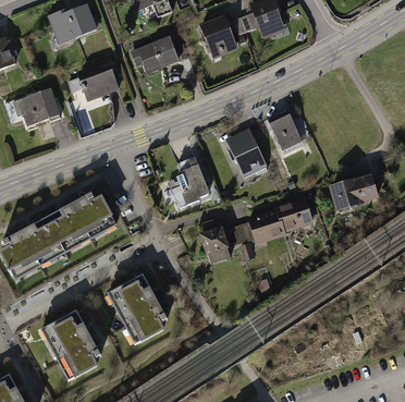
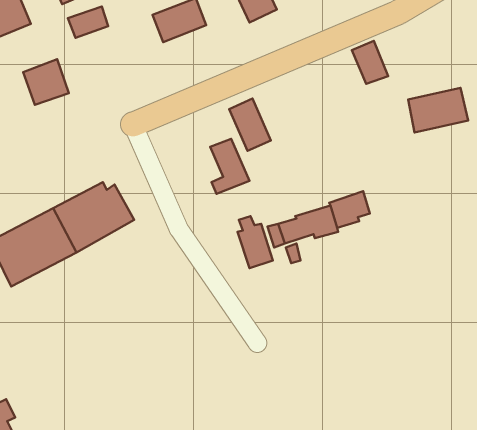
building: [81,73,114,99] -> [68,6,108,38]
building: [271,112,302,148] -> [352,41,388,84]
building: [230,132,265,175] -> [229,99,271,151]
building: [327,173,377,210] -> [408,88,468,132]
building: [112,272,163,341] -> none
building: [45,308,97,377] -> none

